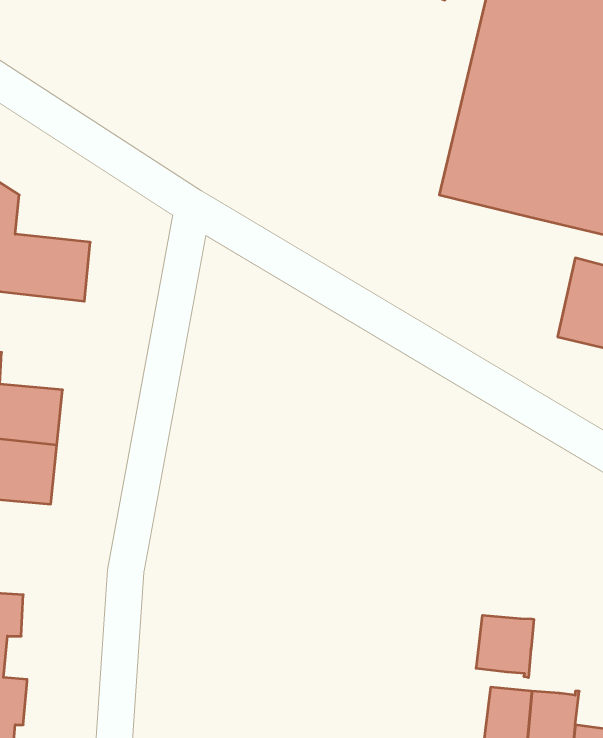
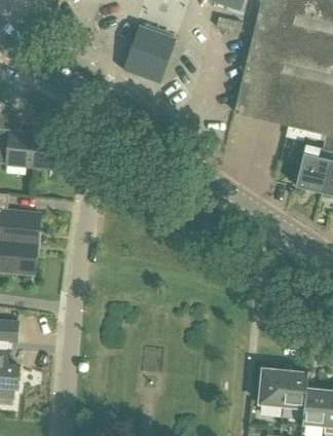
building: none -> [122,28,174,81]
building: [476,615,534,678] -> none

